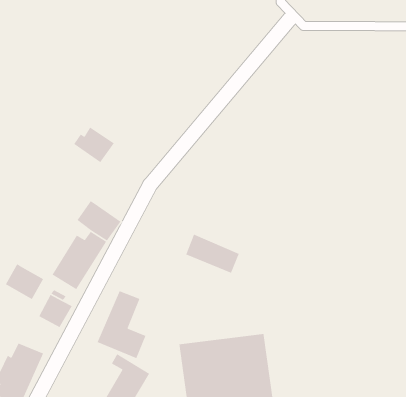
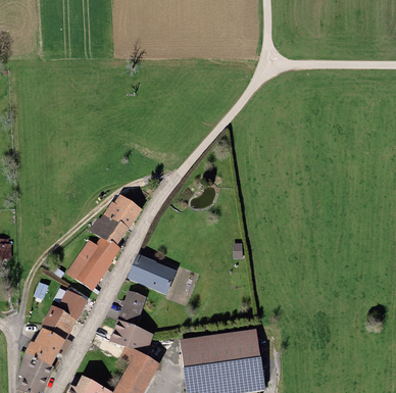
building: [73,126,115,163] -> [107,200,143,232]
building: [185,233,240,274] -> [127,256,174,291]
building: [5,263,44,300] -> [44,310,78,342]

